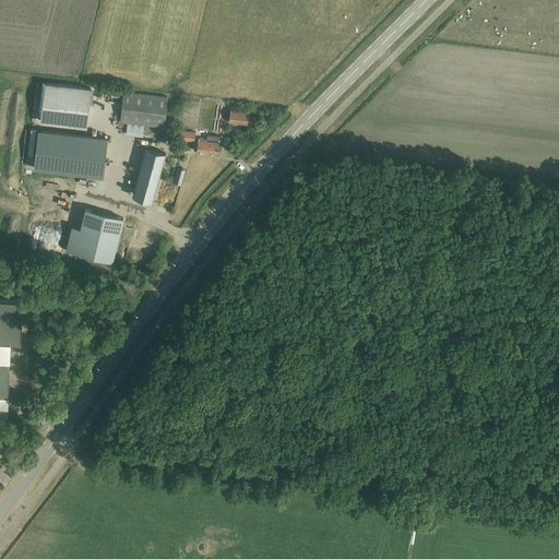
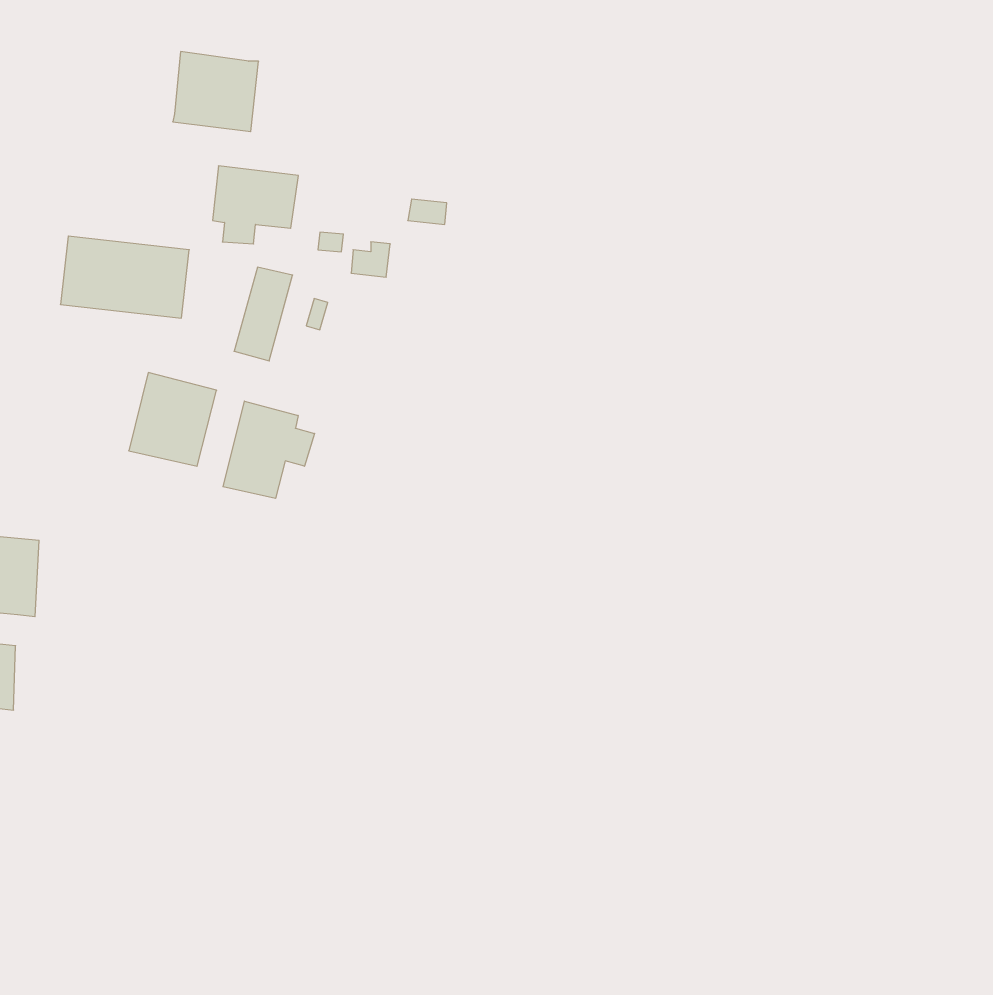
building: [40,84,88,129] -> [173,52,259,132]
building: none -> [223,401,315,498]

